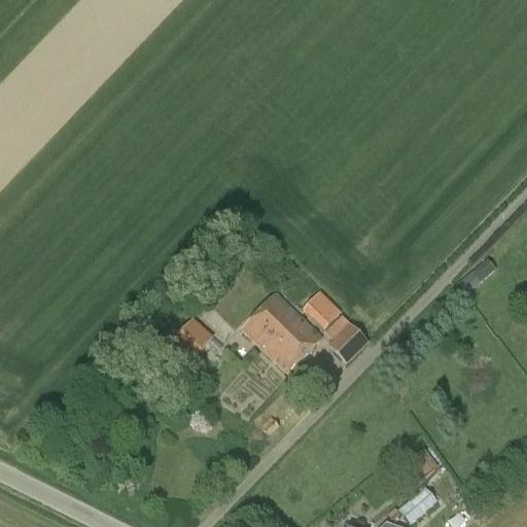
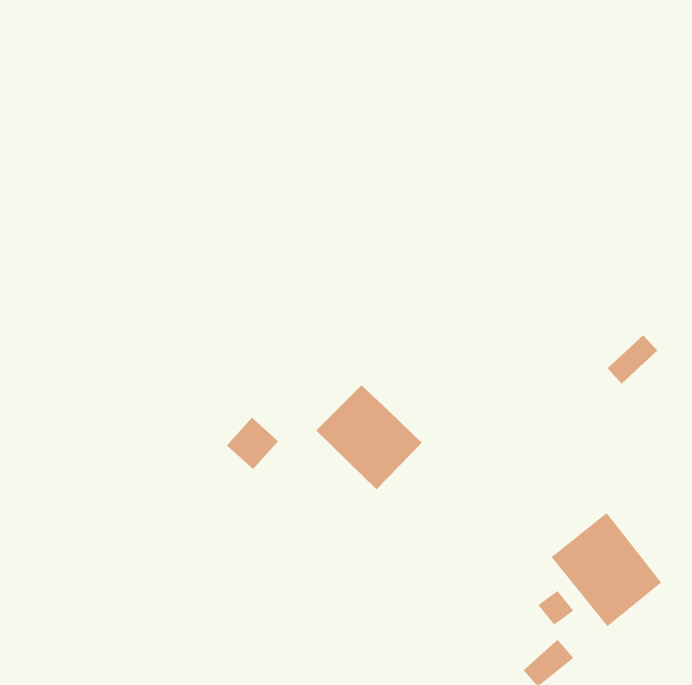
building: [302,289,340,328] -> none
building: [326,321,367,364] -> none
building: none -> [551,512,662,627]

